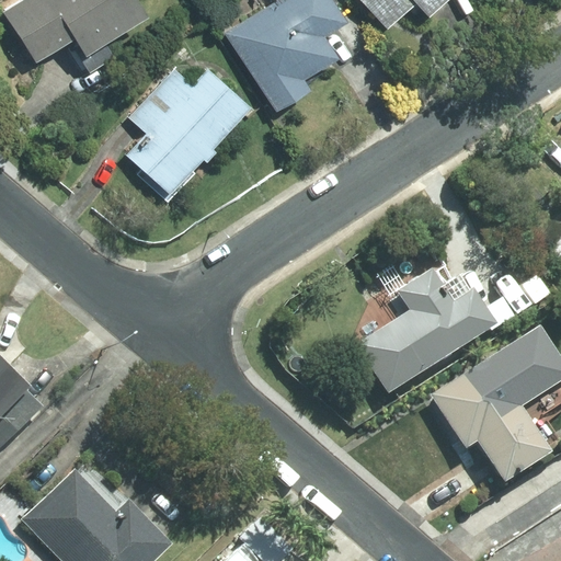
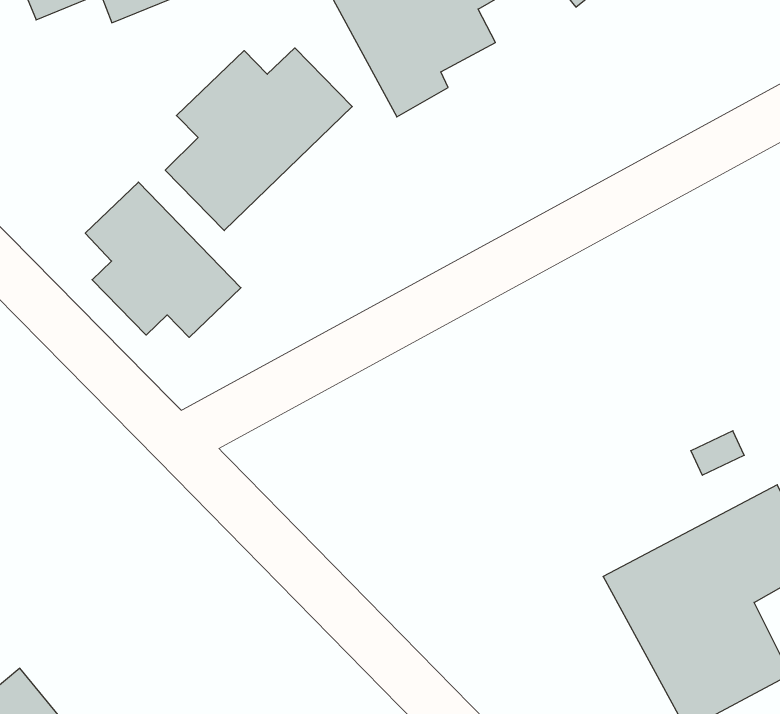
building: none -> [85,182,241,337]
building: [357,273,492,392] -> none

